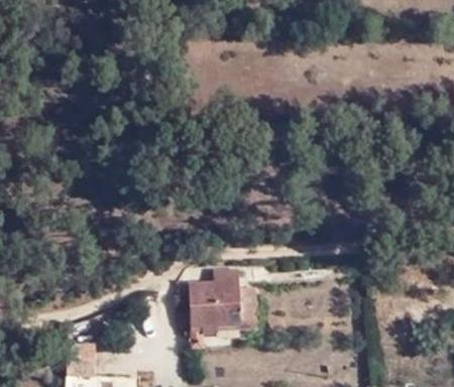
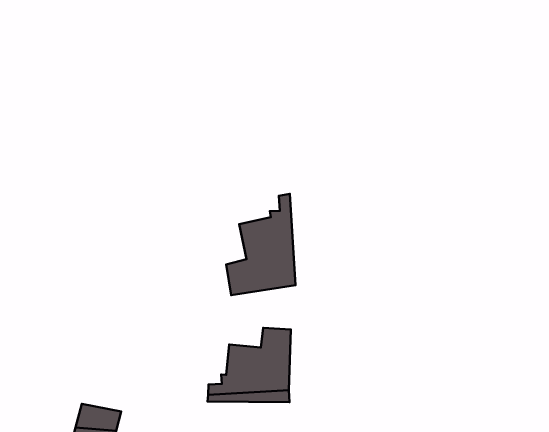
building: none -> [226,194,295,295]

